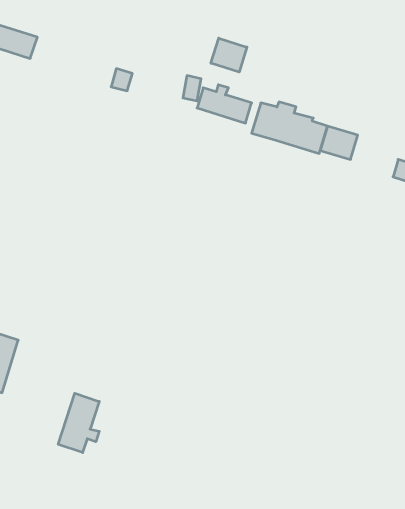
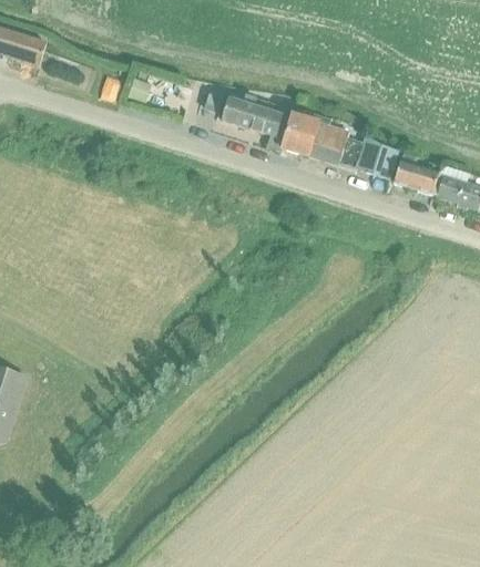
building: [211,38,247,72] -> none
building: none -> [394,161,439,194]
building: [58,393,99,453] -> none

